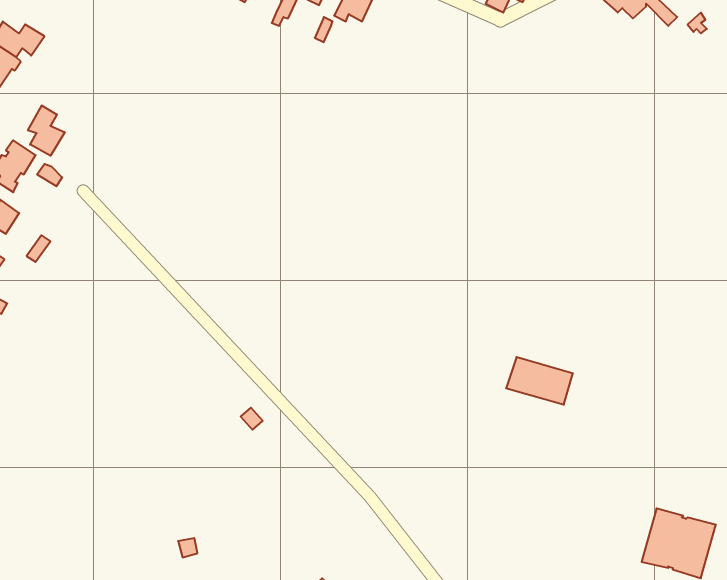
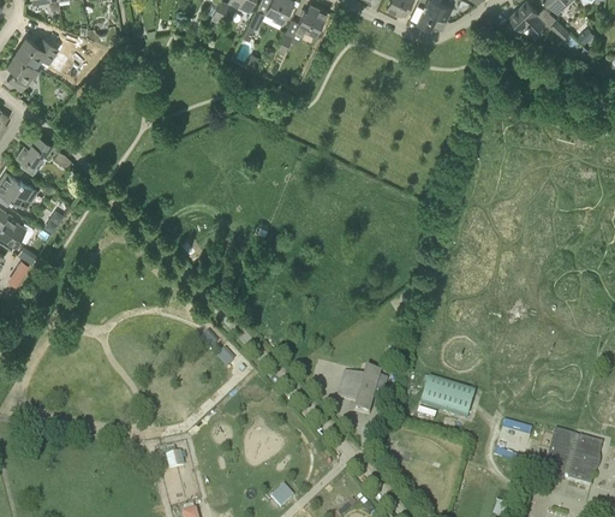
building: [28,105,65,156] -> none
building: [506,357,573,405] -> [420,378,474,416]
building: none -> [336,368,380,414]

